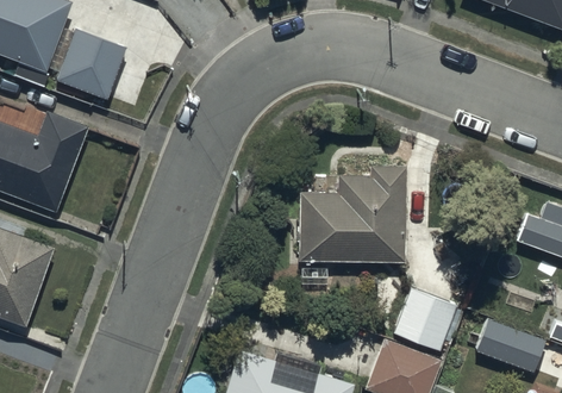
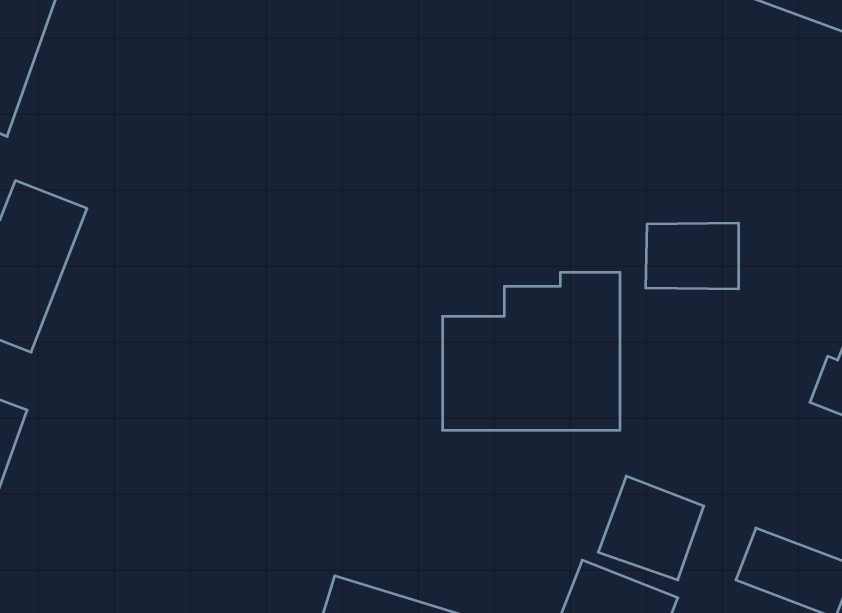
building: [56,30,126,100] -> none
building: none -> [646,223,738,289]

